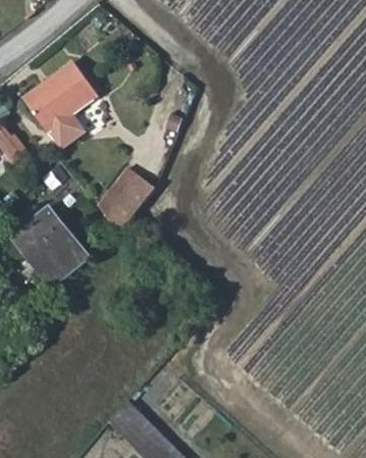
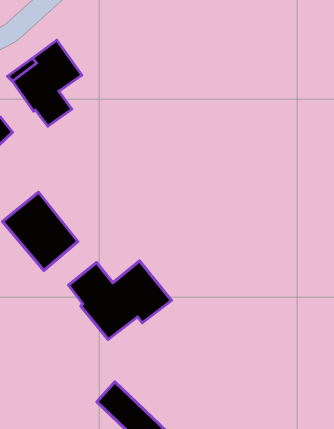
building: [98,173,155,224] -> none
building: none -> [68,261,171,339]

